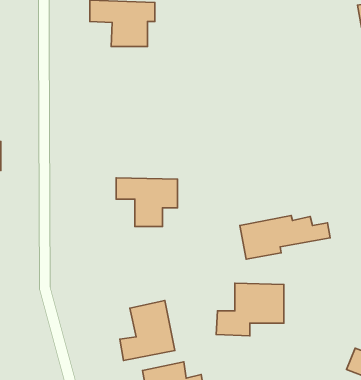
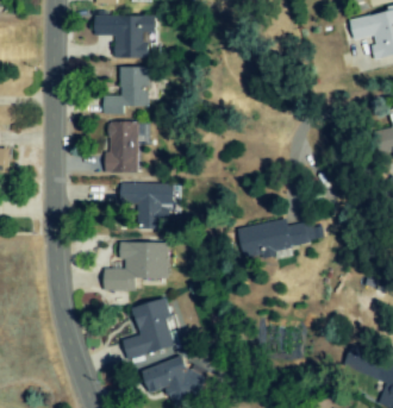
building: none -> [102,67,149,114]
building: none -> [106,121,148,174]
building: [216,283,284,336] -> [104,241,168,291]

